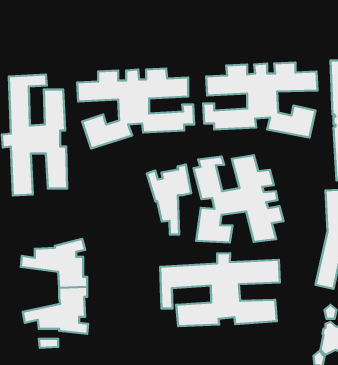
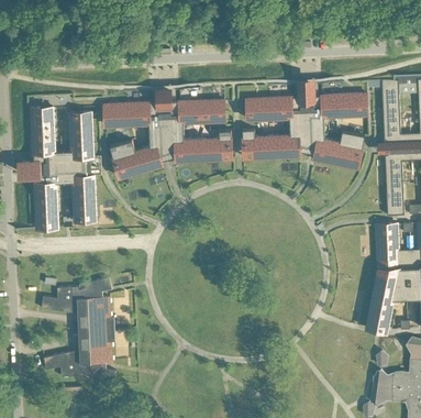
building: [194,155,283,243] -> none
building: [147,165,191,235] -> none
building: [160,253,280,326] -> none

